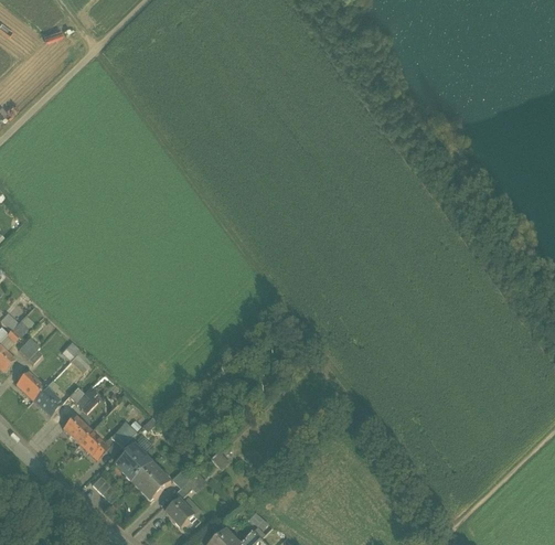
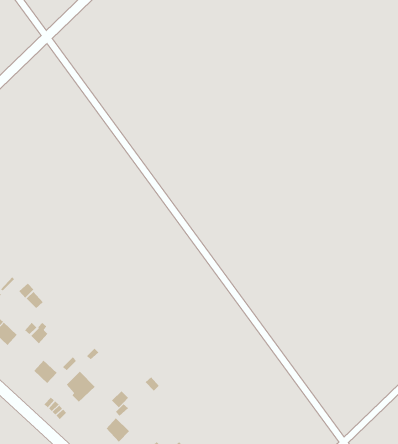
building: [61,415,90,445] -> none
building: [132,463,170,499] -> none

